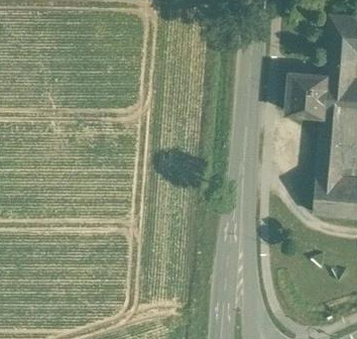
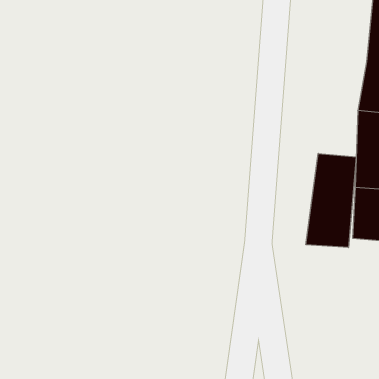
building: [287,74,325,114] -> none
building: none -> [306,153,356,248]

